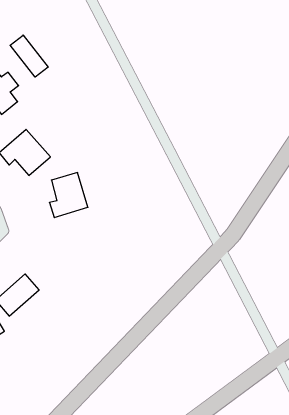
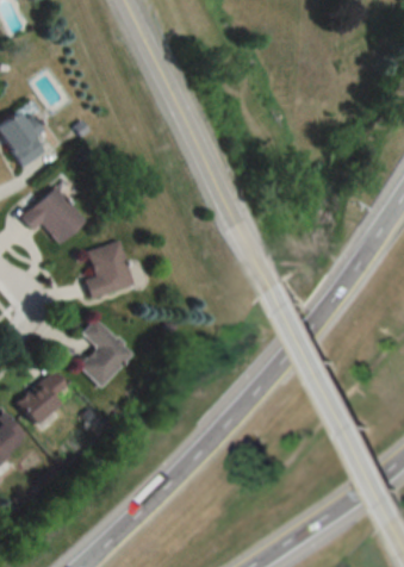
building: [10,35,48,77] -> none
building: none -> [81,318,136,387]

